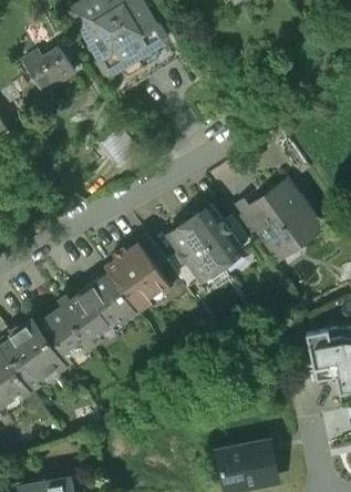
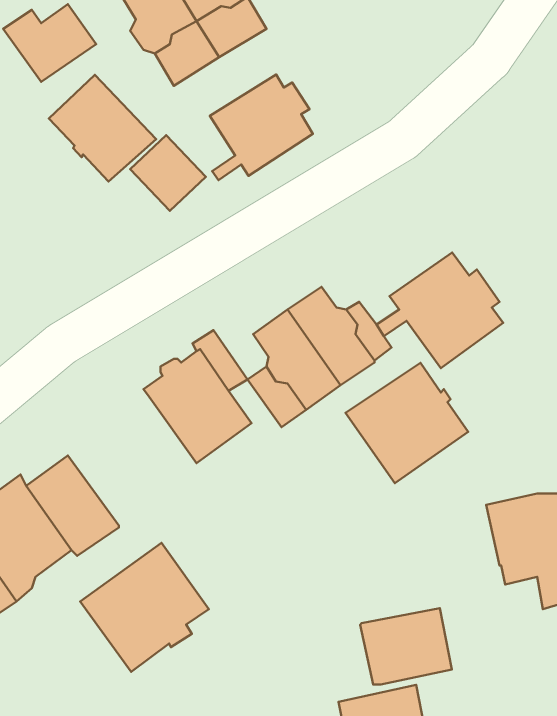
building: none -> [210,74,313,180]
building: none -> [49,75,156,181]
building: none -> [345,363,468,483]
building: [61,271,136,347] -> [80,543,209,672]
building: none -> [360,608,452,685]

